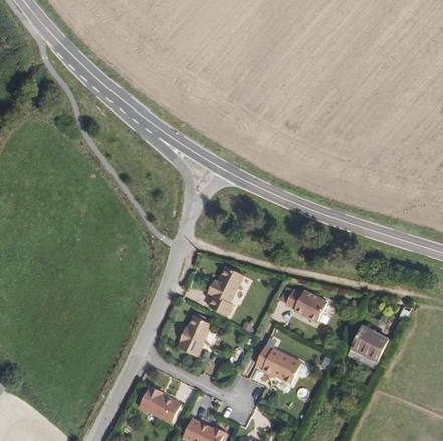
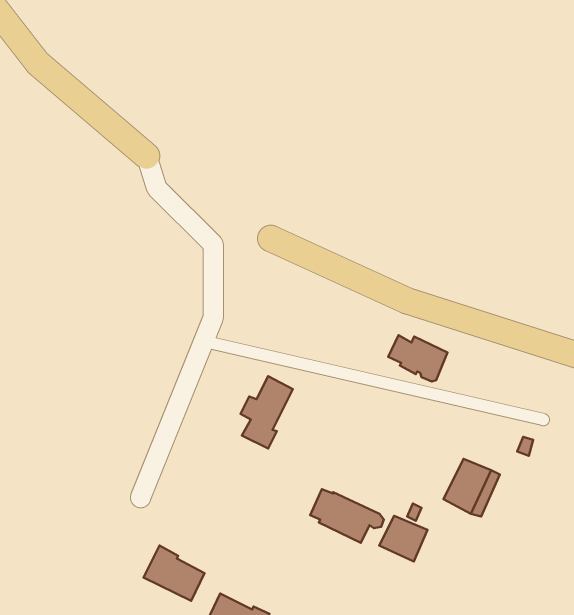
building: [283,289,324,321] -> [388,335,448,382]
building: [178,316,211,356] -> none
building: none -> [379,516,427,562]

